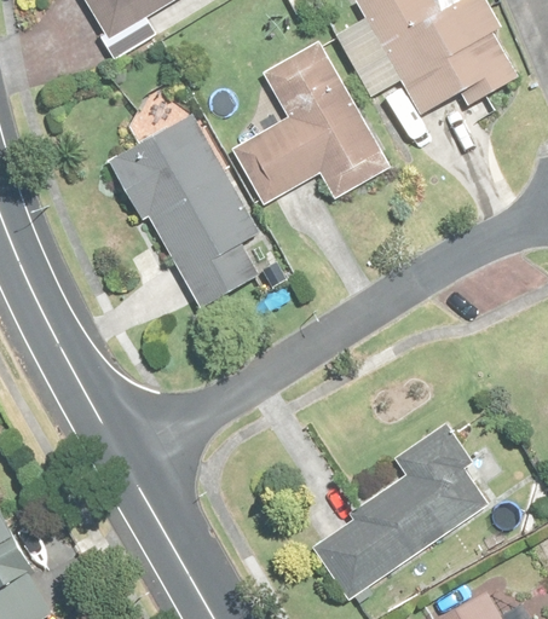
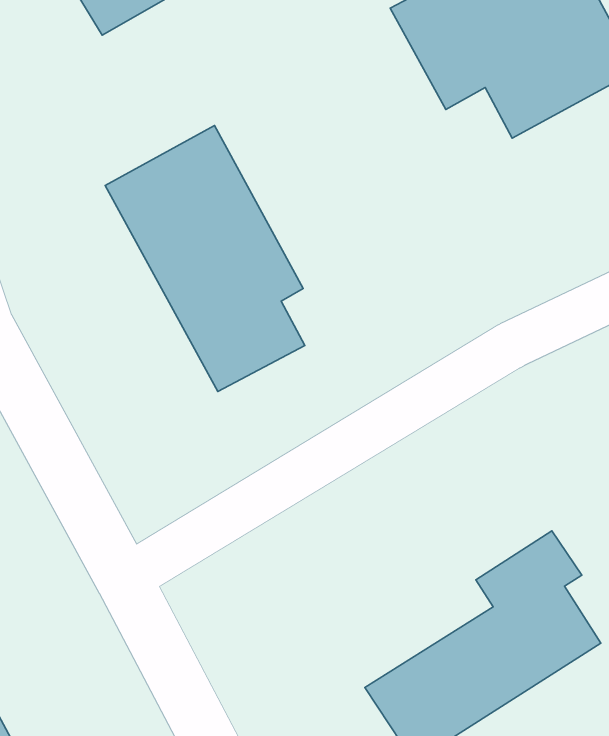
building: [230,40,394,208] -> none

